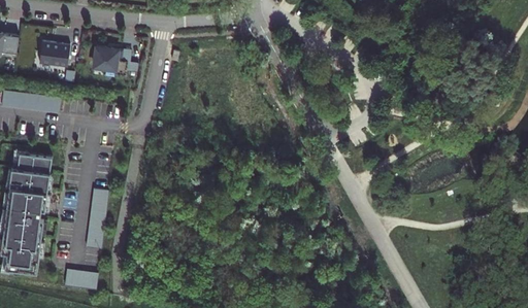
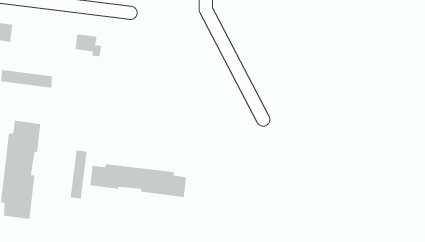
building: [39,41,70,66] -> none
building: none -> [90,163,187,198]
building: [67,270,99,288] -> none

